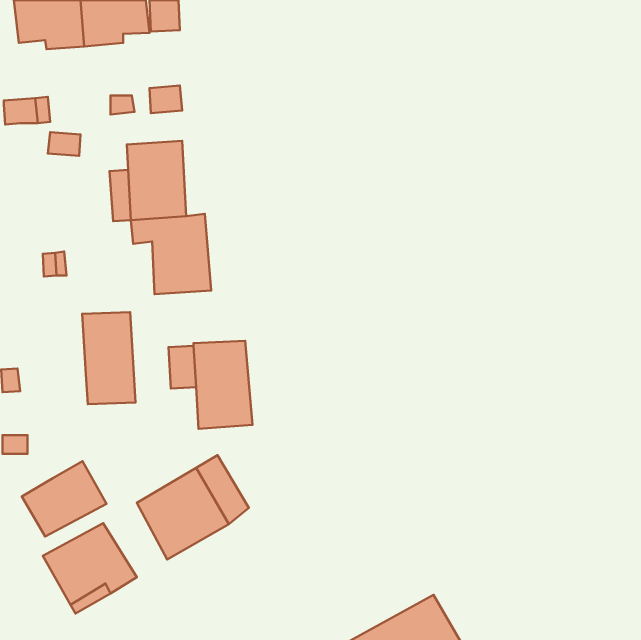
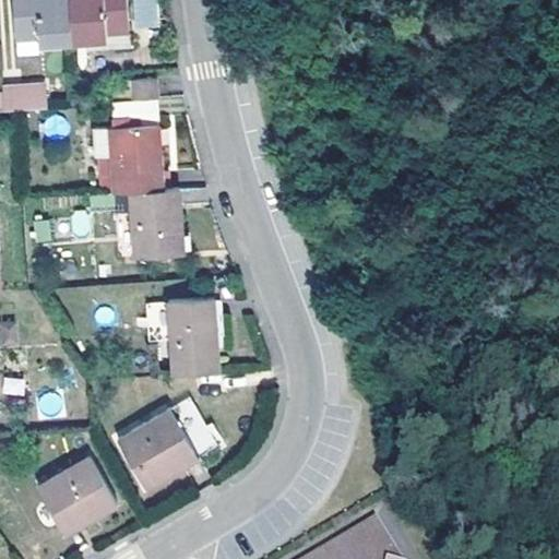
building: [82,312,136,404] -> none
building: [22,461,106,537] -> none

